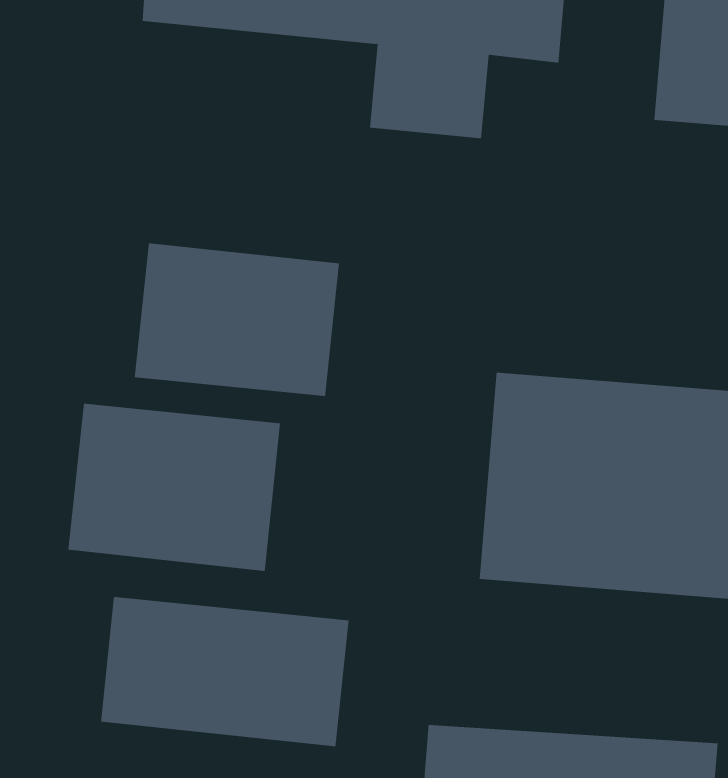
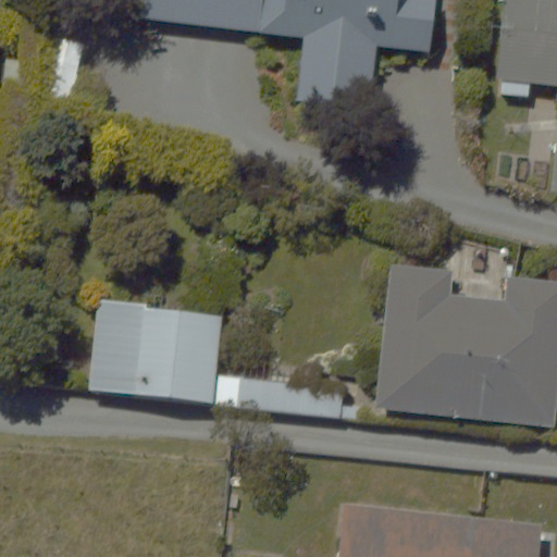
building: [134,242,339,397] -> none
building: [101,596,349,747] -> none

